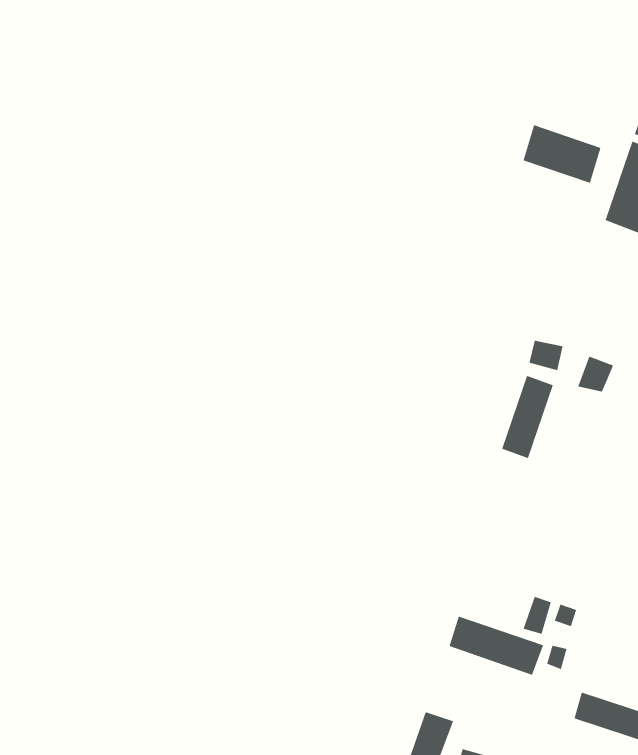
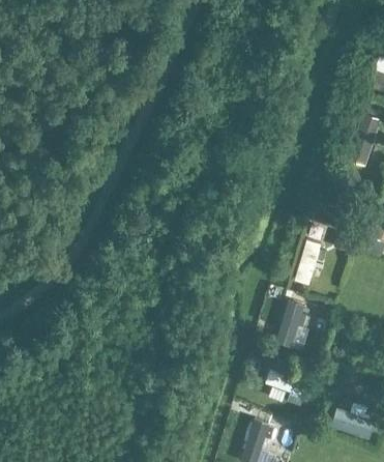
building: [522,124,601,184] -> none
building: none -> [272,298,307,350]

